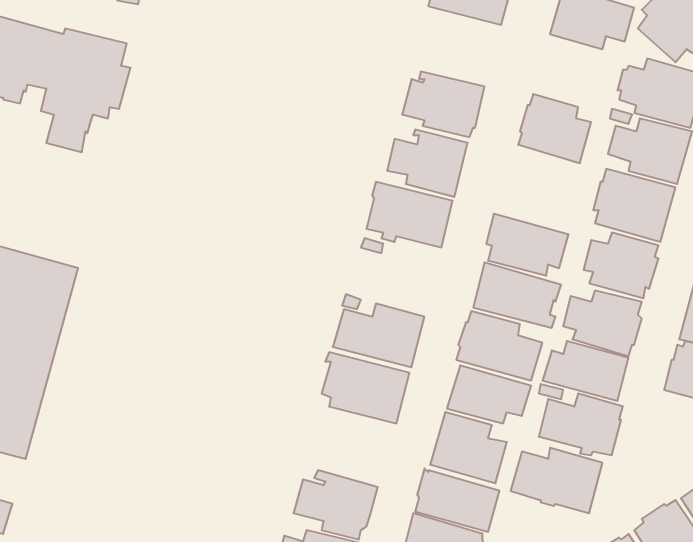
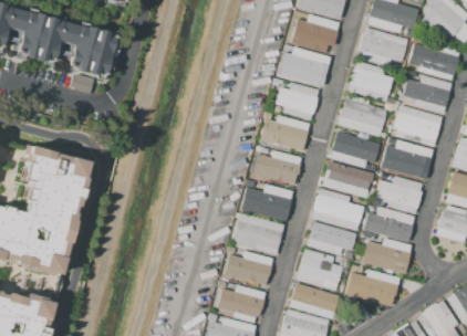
building: none -> [291,14,340,55]
building: none -> [360,28,408,66]
building: none -> [338,95,387,138]
building: none -> [252,150,303,186]
building: none -> [222,252,274,286]

